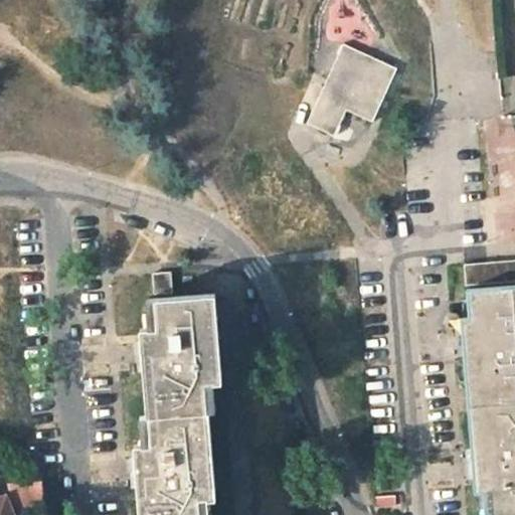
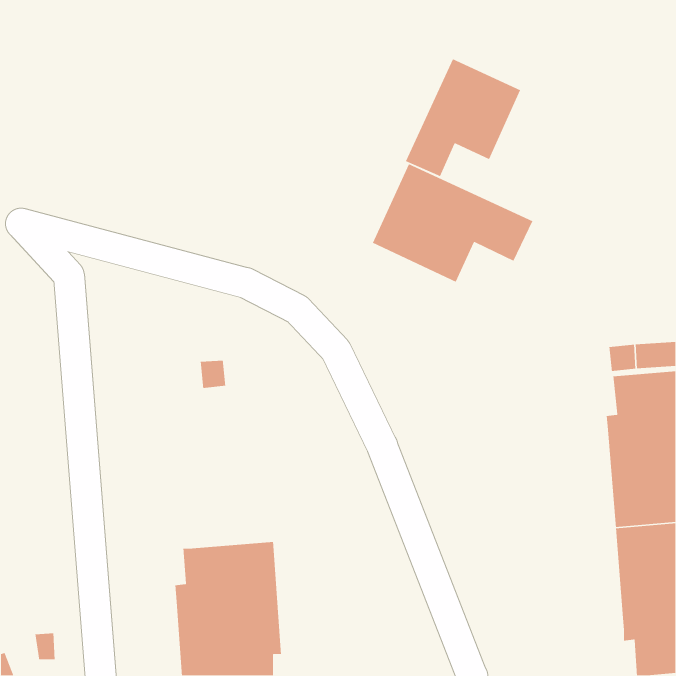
building: none -> [372,163,533,283]
building: [139,294,221,416] -> none

